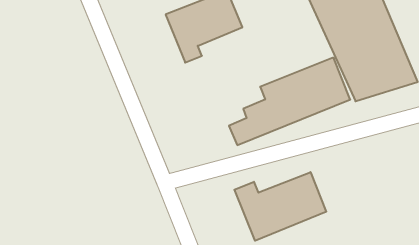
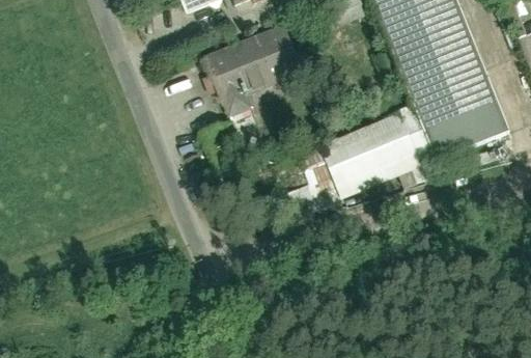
building: [234,172,326,241] -> none

